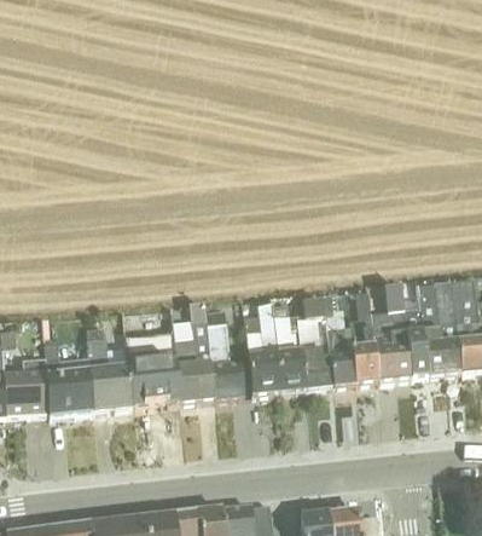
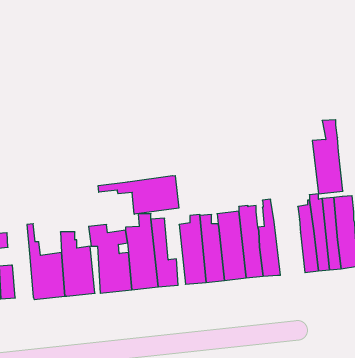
building: none -> [98,176,179,214]
building: [371,286,412,385] -> [312,120,343,194]
building: [22,356,50,415] -> none

